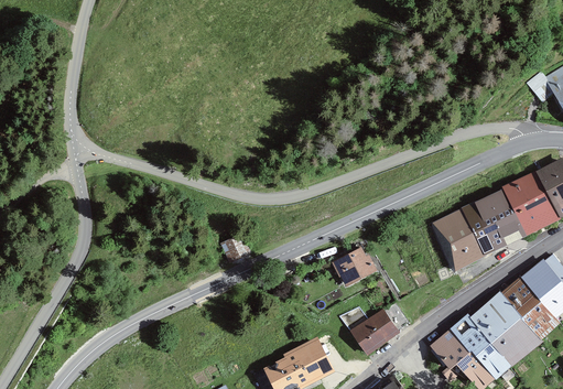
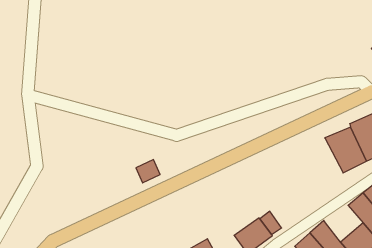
building: [430,204,492,270] -> none
building: [328,246,376,289] -> none
building: [469,291,519,342] -> none

